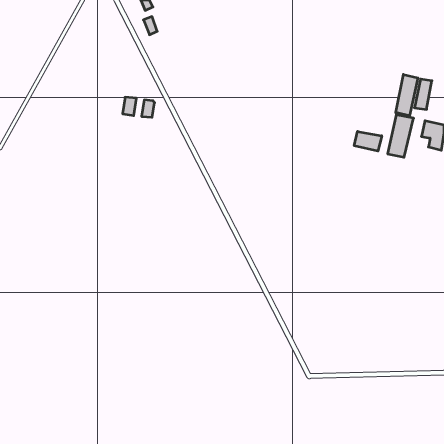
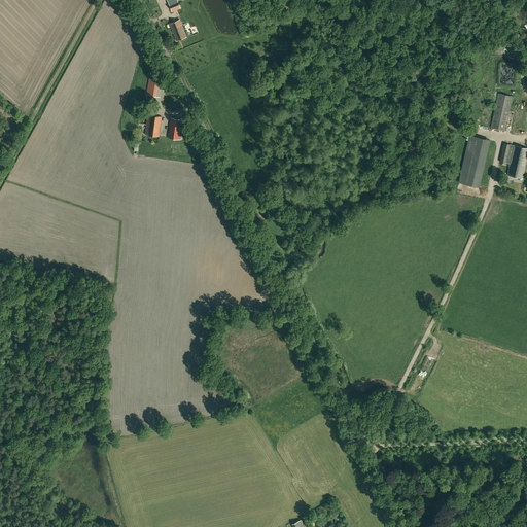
building: [396,74,418,116] -> none
building: [354,131,382,151] -> none

